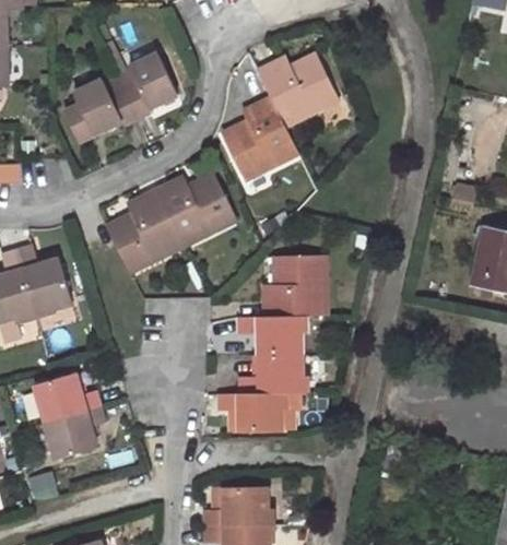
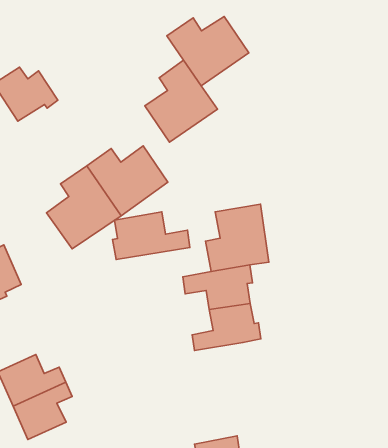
building: [121,52,177,119] -> none
building: none -> [113,212,190,259]
building: [217,392,288,433] -> none

